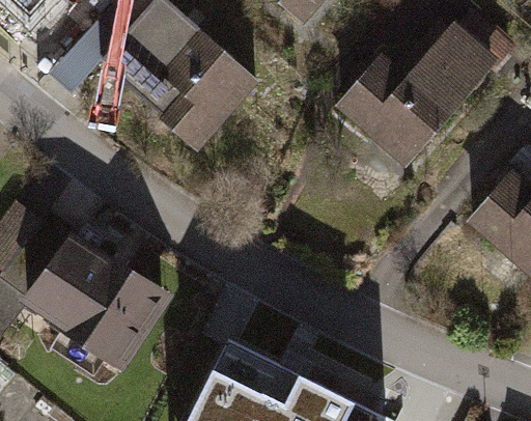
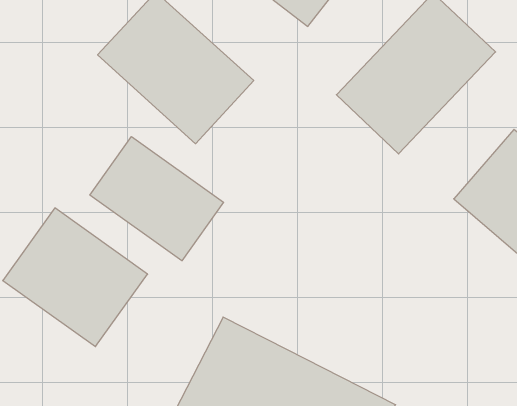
building: none -> [90,137,224,261]

